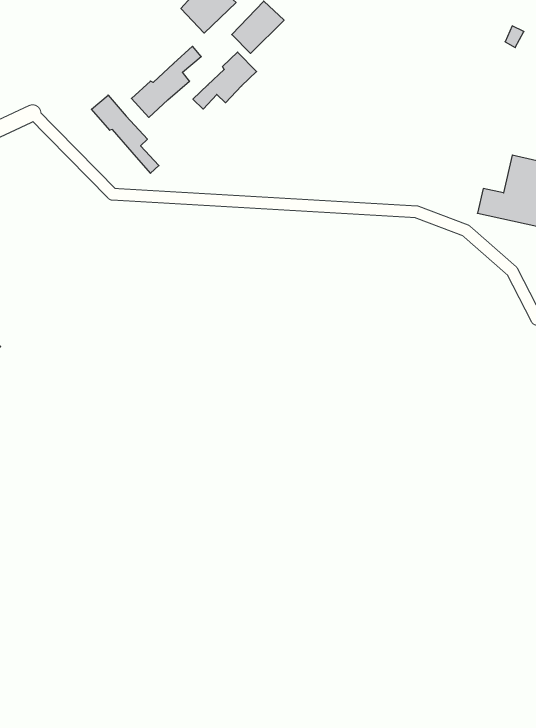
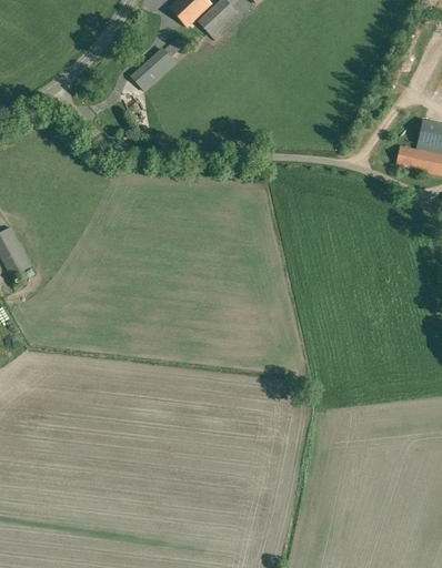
building: [193,52,257,109] -> none
building: [91,95,159,173] -> none

